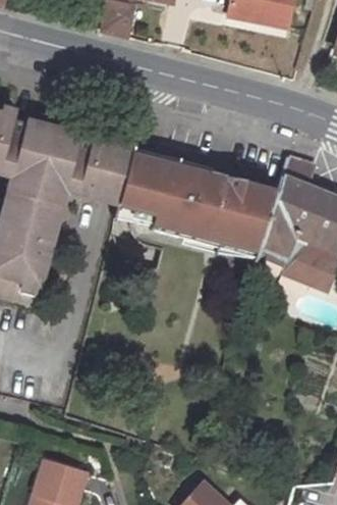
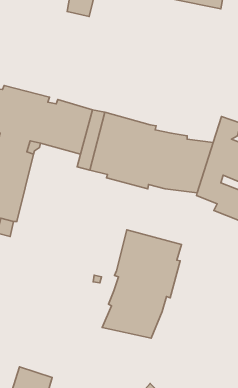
building: none -> [102,230,181,338]

